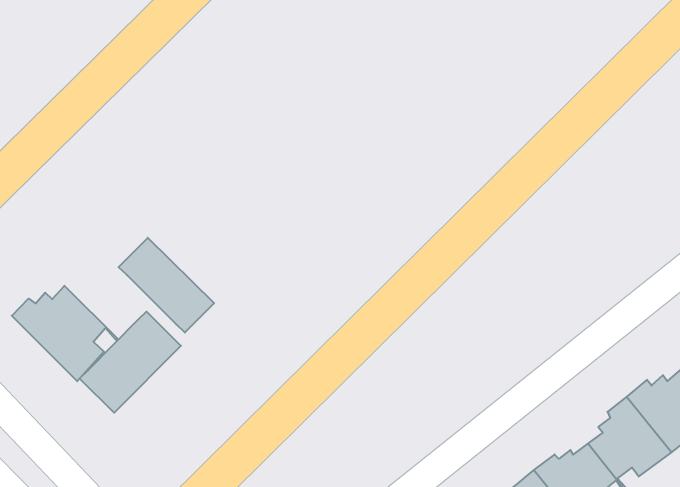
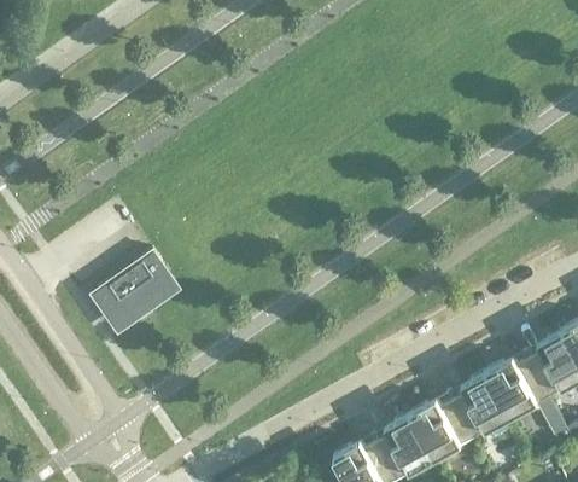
building: [119,238,214,333] -> none
building: [12,286,118,381] -> none

